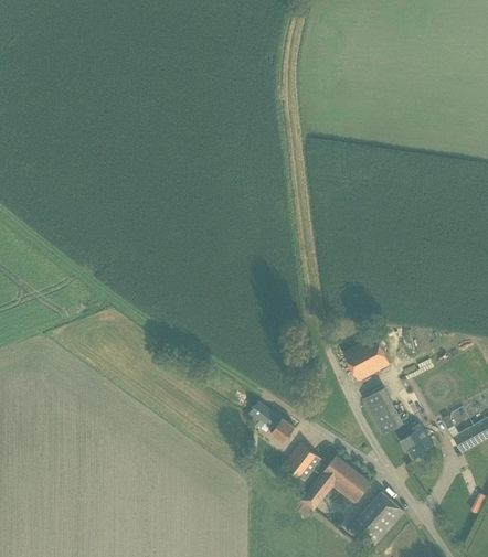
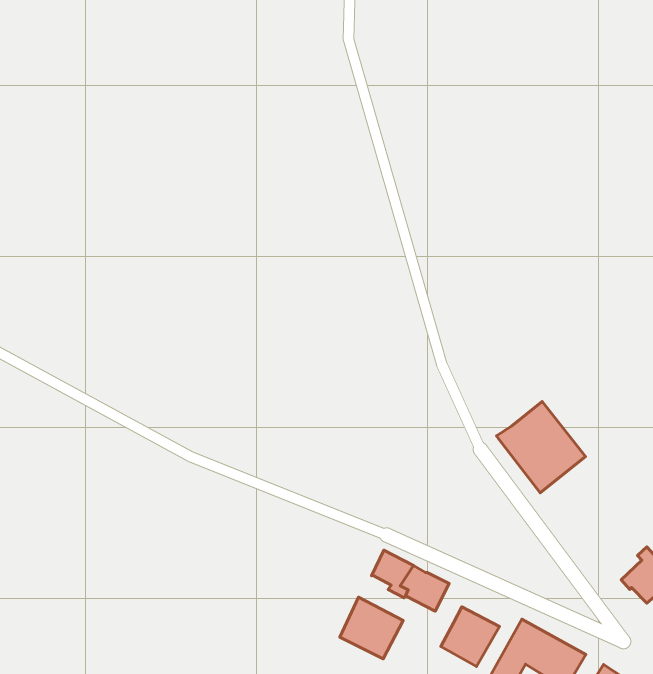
building: [362,386,404,436] -> none
building: none -> [340,597,403,659]

